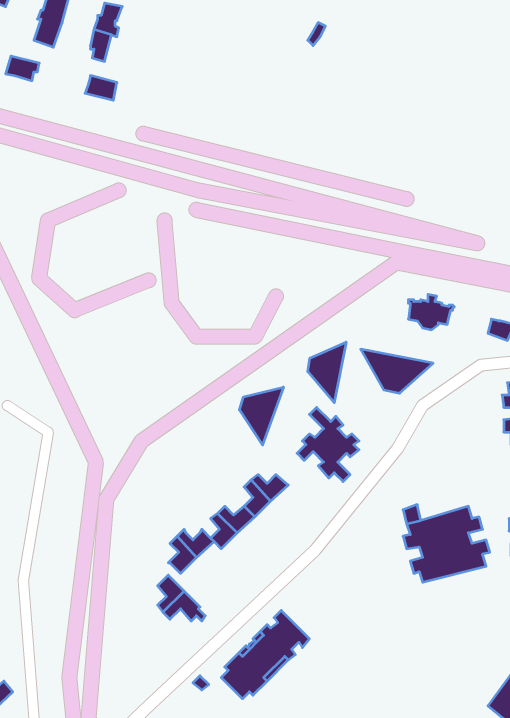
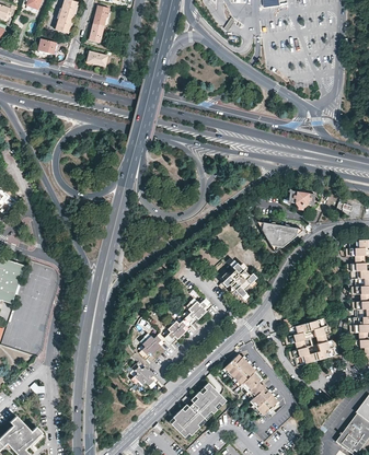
building: [308,342,346,403] -> none
building: [239,387,283,445] -> none
building: none -> [223,357,277,416]

